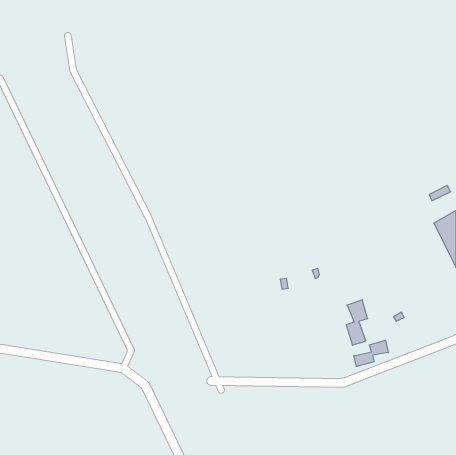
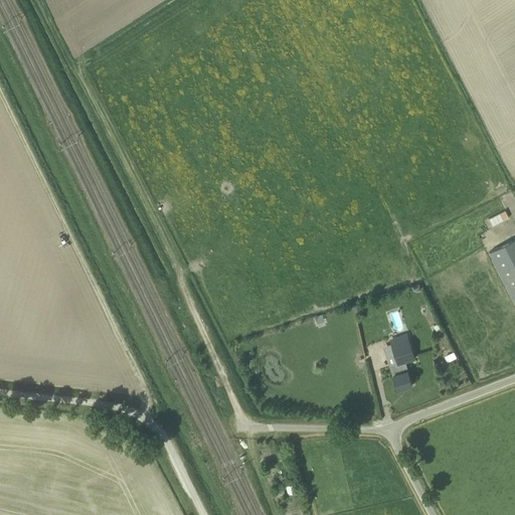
building: [354,340,388,367] -> none

